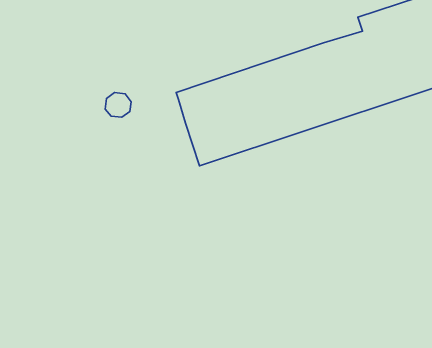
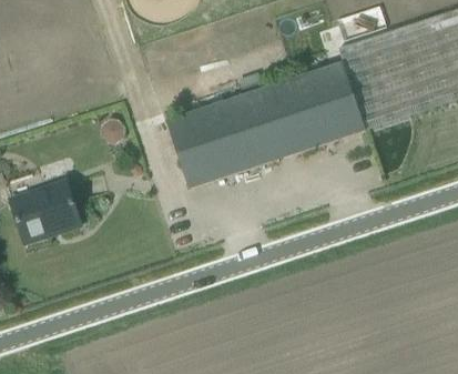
building: none -> [17,178,85,239]

